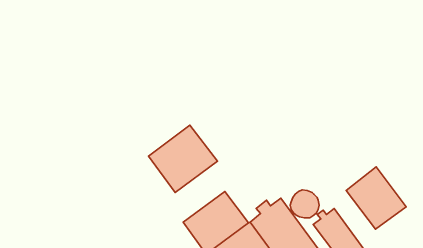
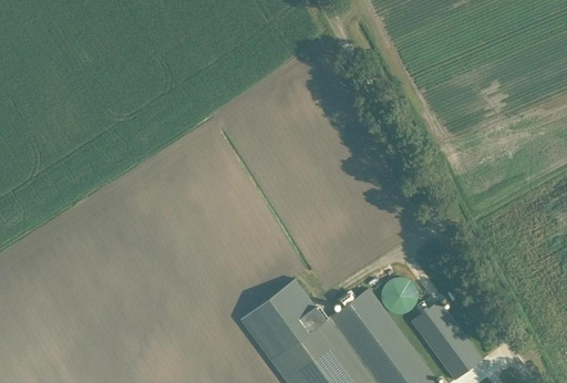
building: [148,125,217,193] -> none
building: [346,167,406,229] -> none

